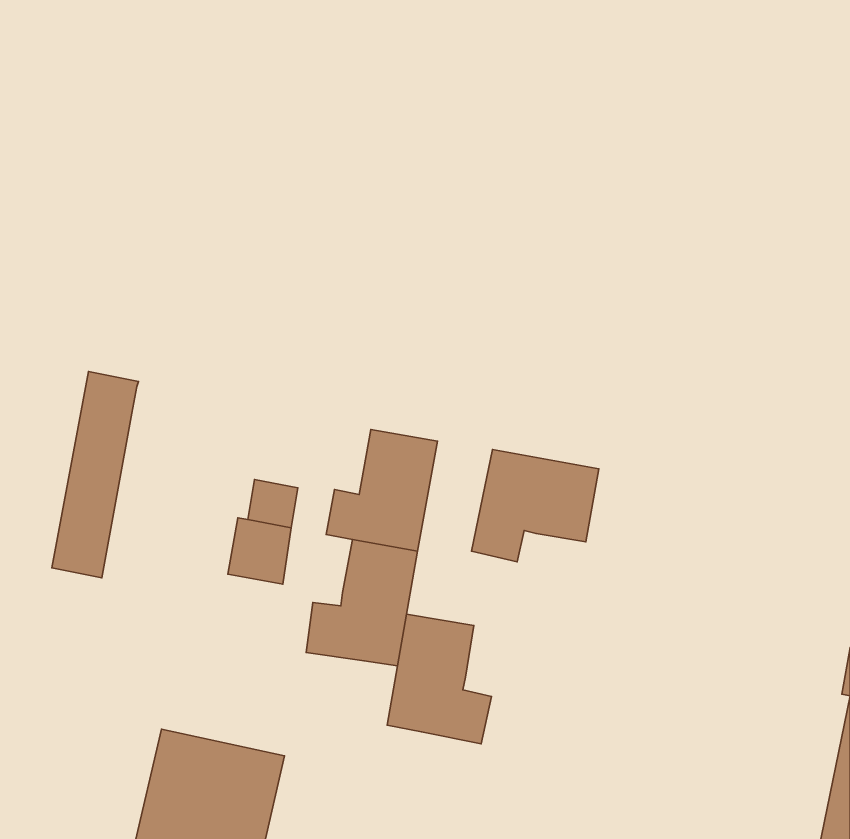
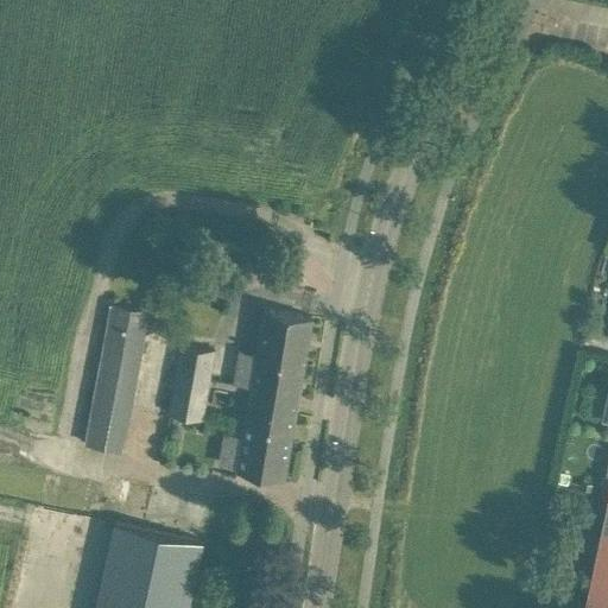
building: [52,372,138,578] -> [87,310,148,457]
building: [471,450,599,562] -> none
building: [387,614,492,744] -> none

